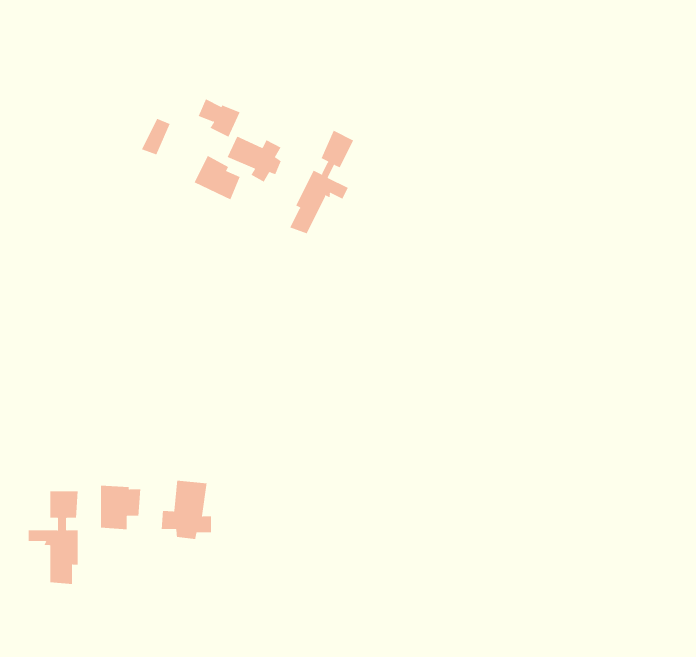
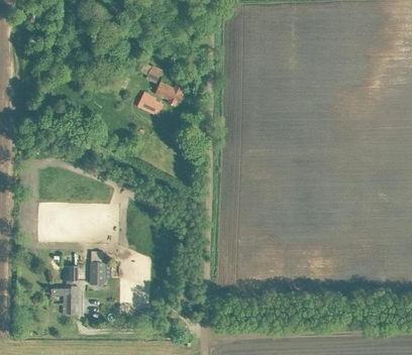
building: [290,130,354,234] -> none
building: [161,480,212,540] -> none

